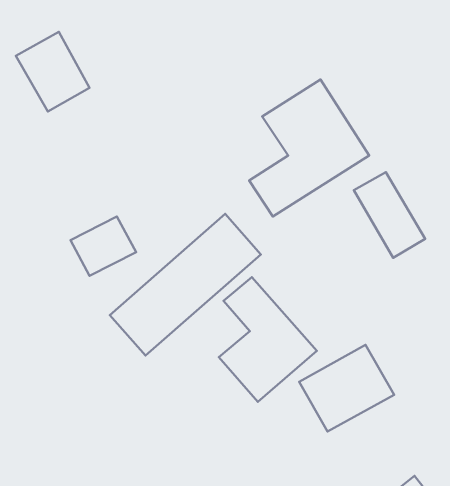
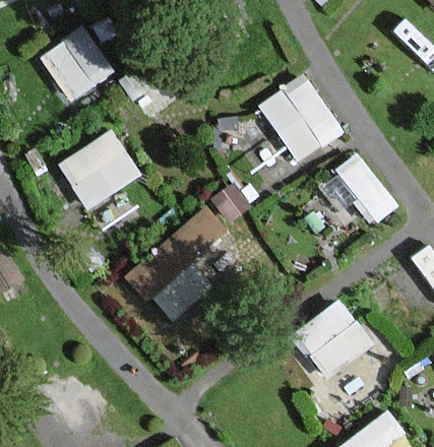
building: none -> [56,128,142,211]
building: [219,277,317,402] -> none

